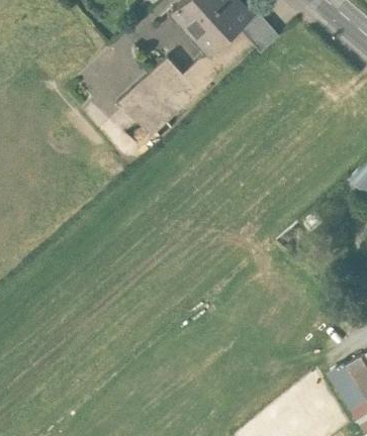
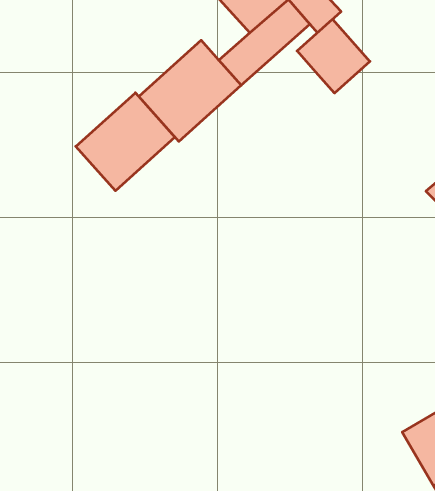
building: none -> [297,19,370,93]
building: none -> [76,93,175,191]

